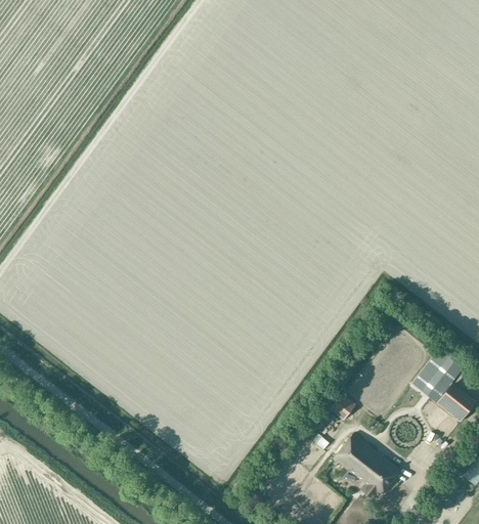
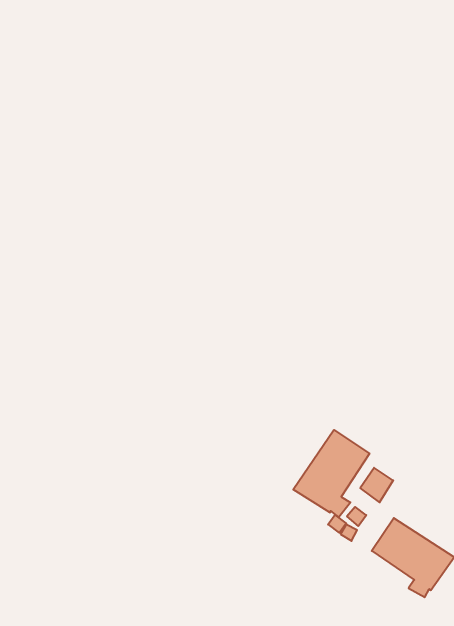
building: none -> [293,430,369,517]

